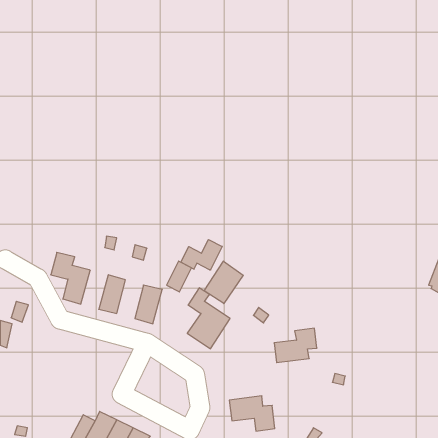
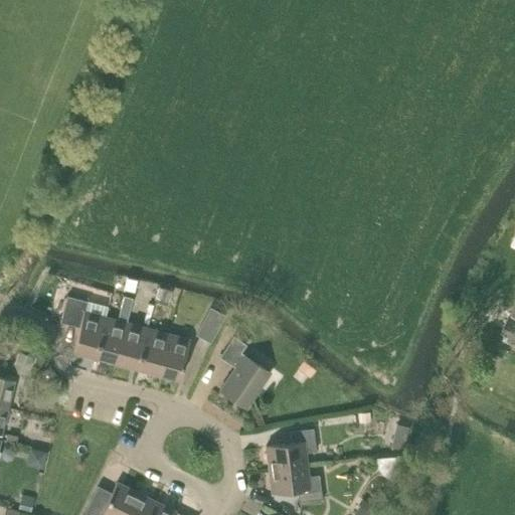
building: [181,240,222,270] -> none
building: none -> [96,297,133,363]
building: [204,261,243,304] -> none
building: none -> [138,329,169,374]
building: [274,328,317,363] -> [267,430,317,470]

